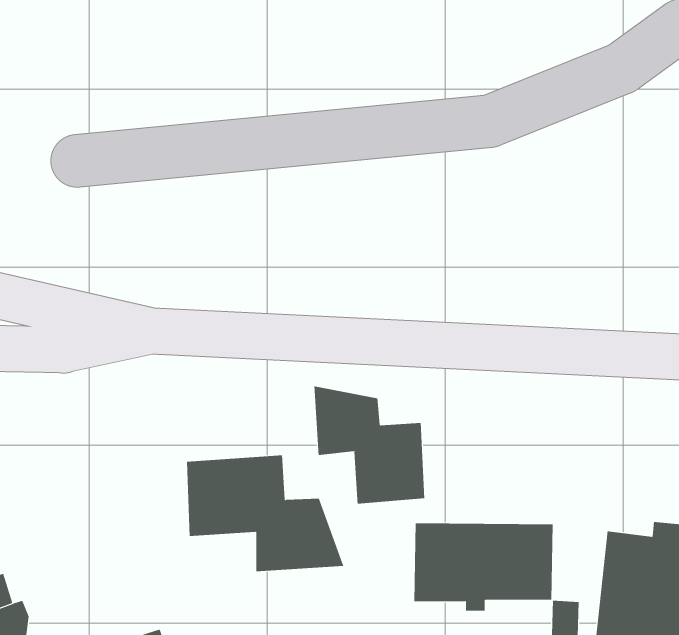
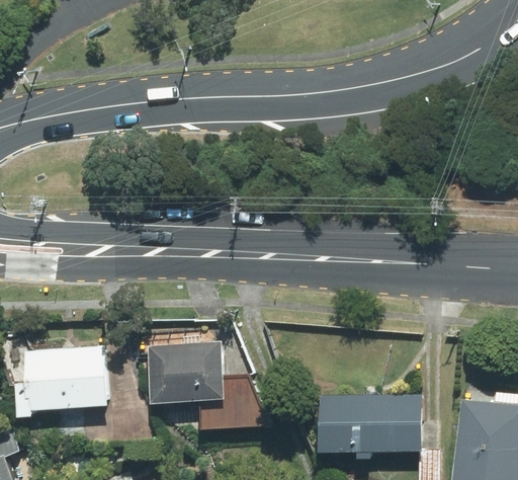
building: [314,386,425,505] -> none
building: none -> [15,346,107,417]

